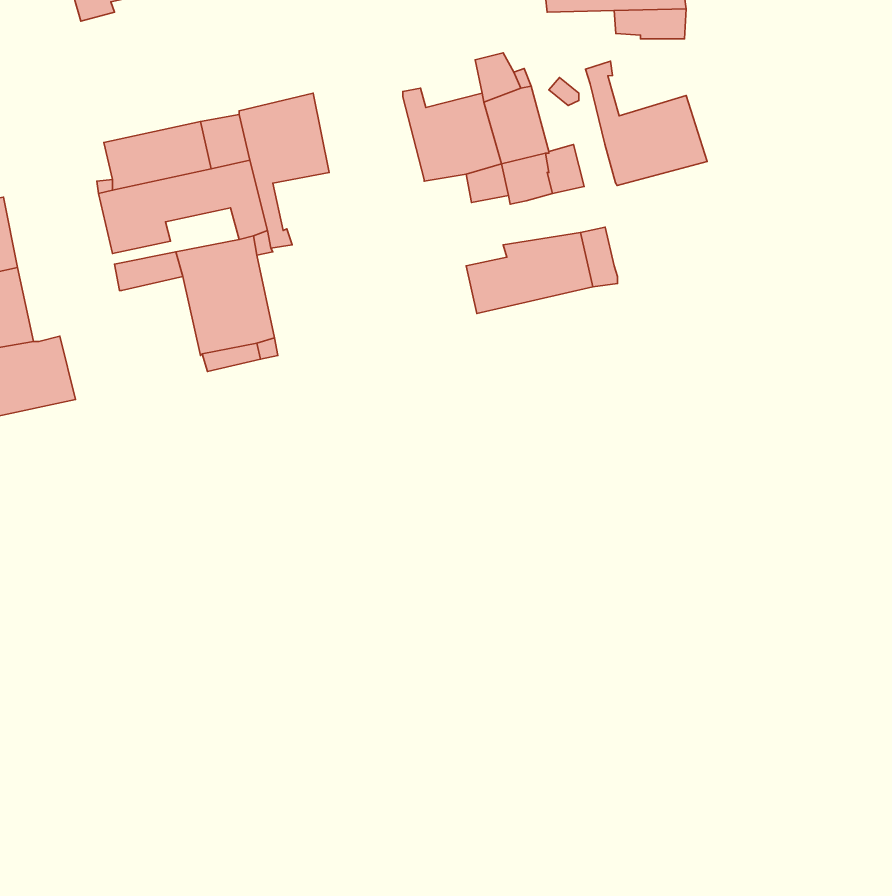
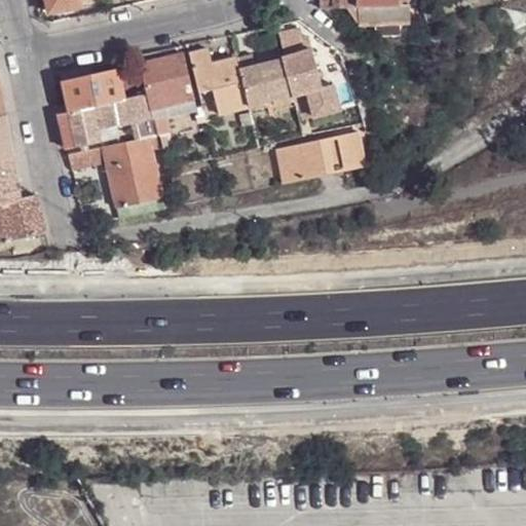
building: [586,61,707,185] -> none
building: none -> [188,49,248,110]

